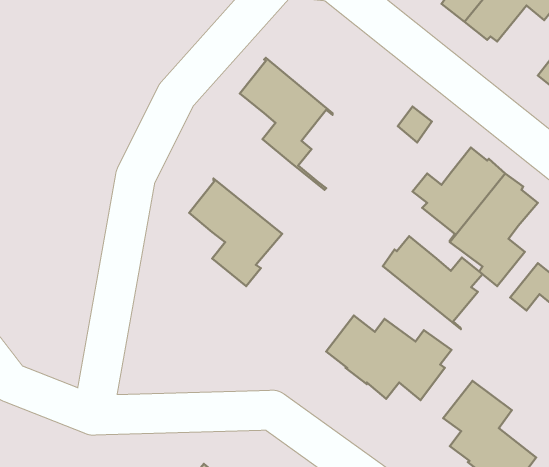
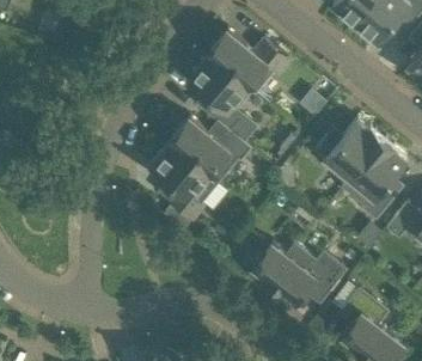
building: none -> [207,30,289,94]
building: none -> [169,118,250,183]
building: [383,236,482,329] -> none

